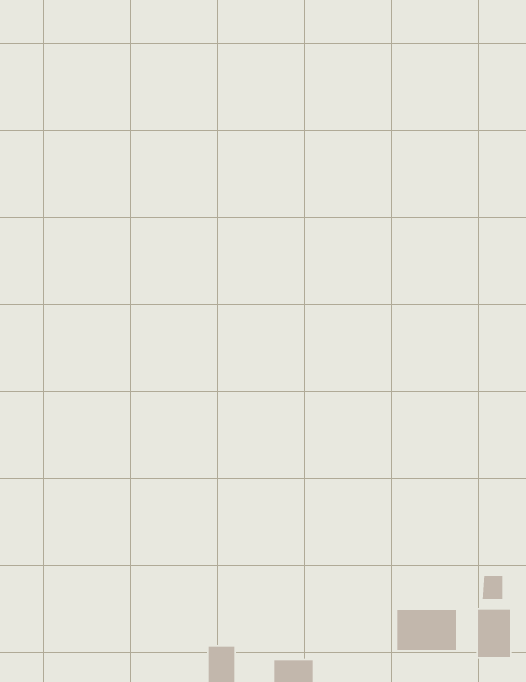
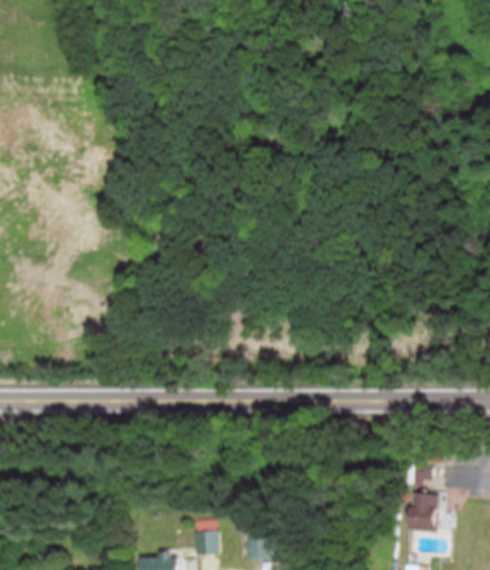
building: [396,609,457,651] -> none

